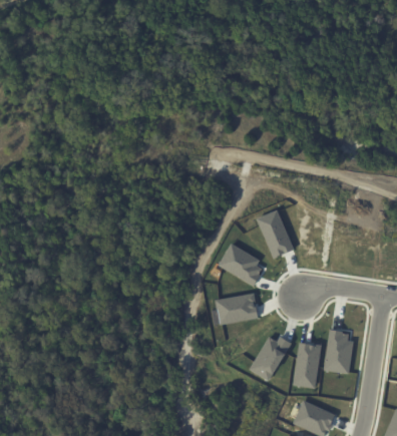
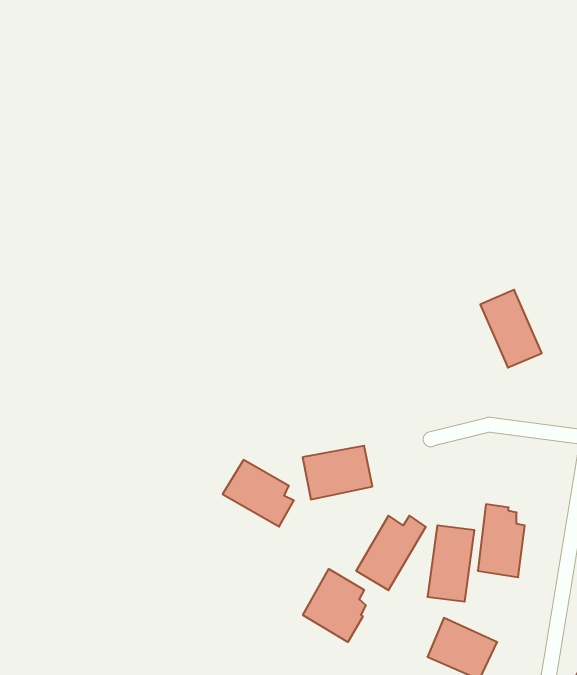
building: [257,209,295,258] -> [480,290,542,368]
building: [219,244,263,285] -> [223,460,294,527]
building: none -> [303,569,366,642]

